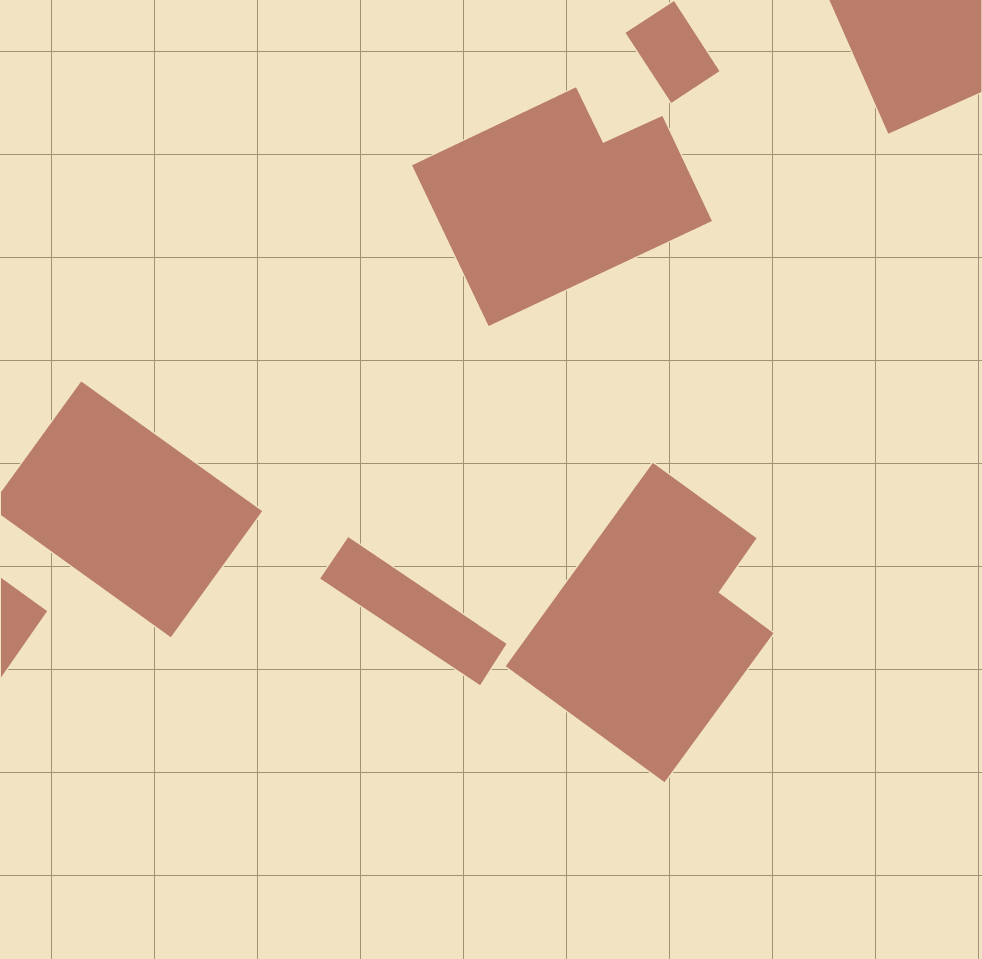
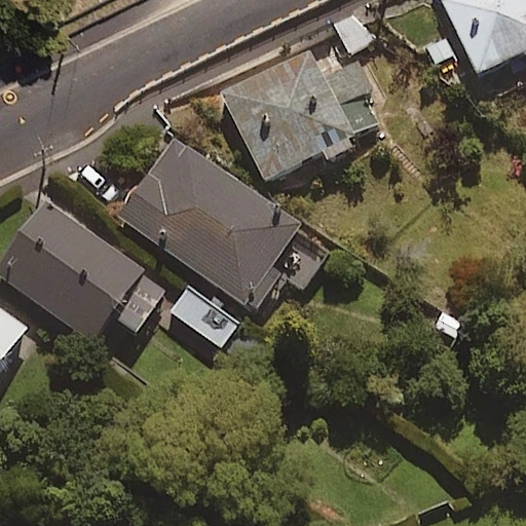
building: none -> [119,140,327,311]
building: [505,462,774,783] -> none

